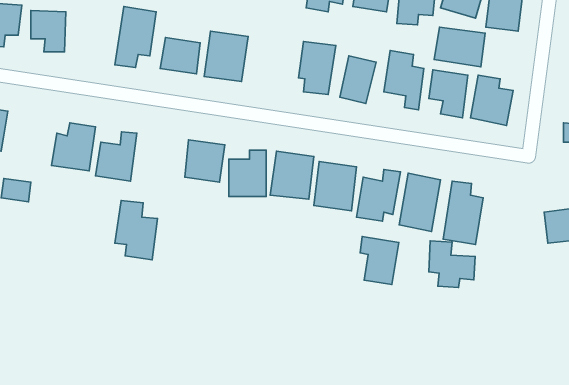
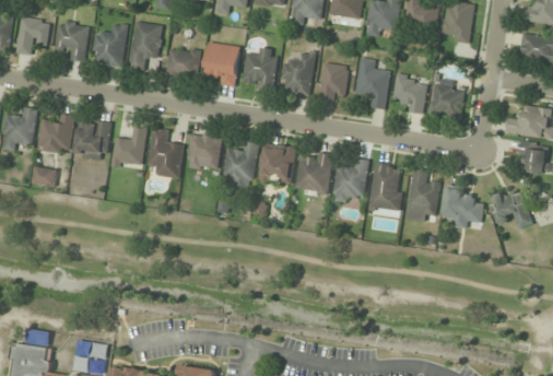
building: none -> [93,24,127,68]
building: [434,27,485,67] -> none
building: none -> [242,48,278,90]
building: none -> [37,115,74,155]
building: [115,200,157,260] -> [148,129,184,179]
building: [360,237,399,285] -> none
building: [429,241,475,287] -> [444,189,483,228]

